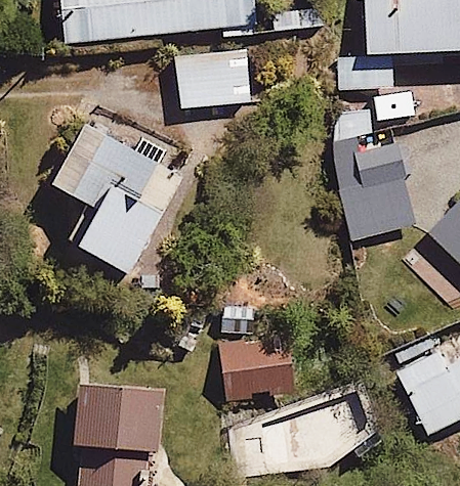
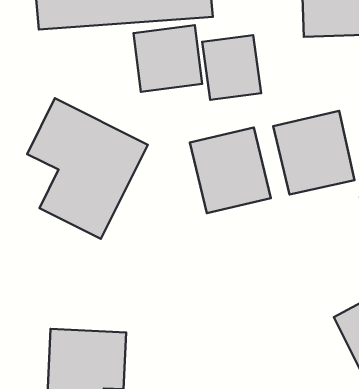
building: none -> [202,35,261,100]
building: none -> [190,128,271,213]
building: [218,322,298,400] -> none

